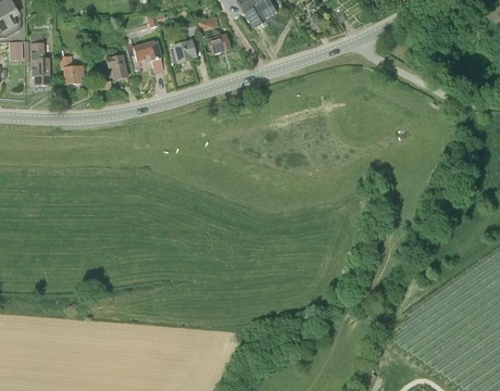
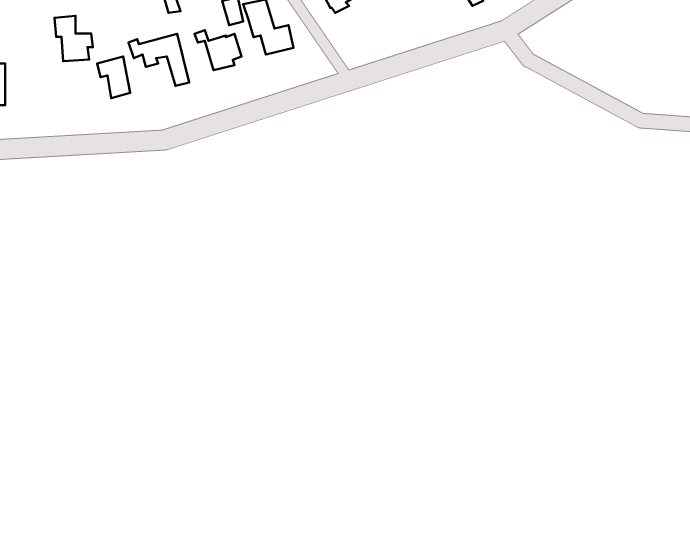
building: [59,55,83,84] -> [55,16,93,61]

